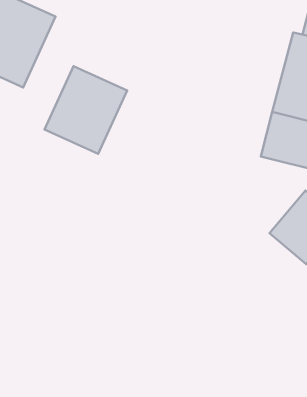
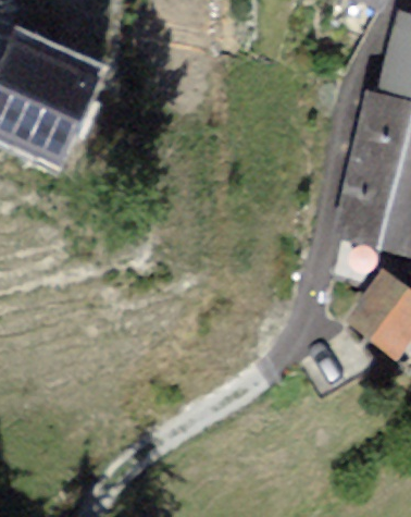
building: [45,66,127,154] -> none

